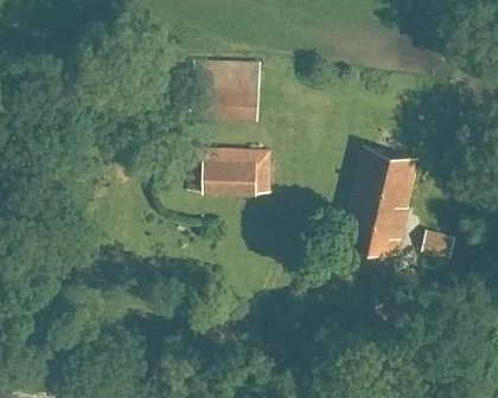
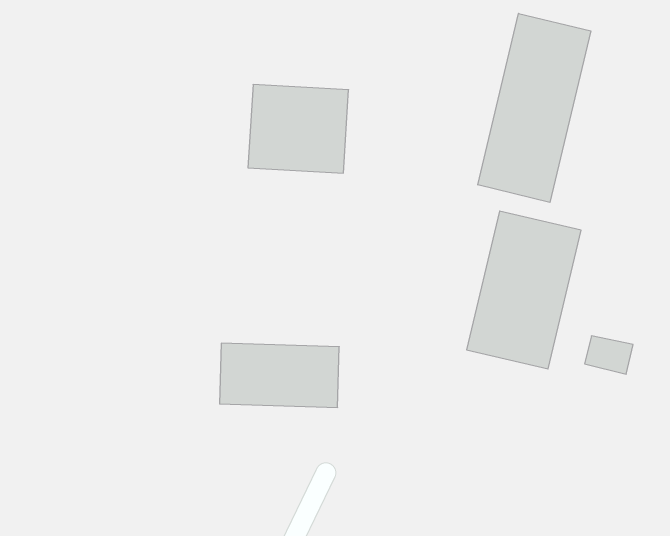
building: none -> [478,13,591,202]
building: [189,153,270,197] -> [220,343,339,407]

